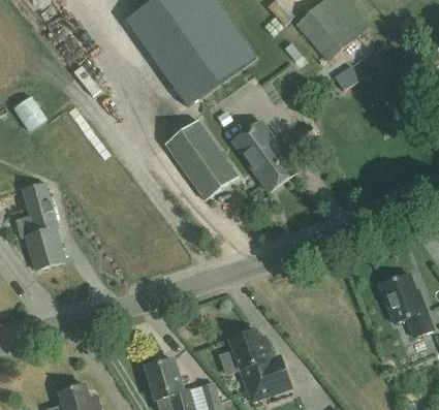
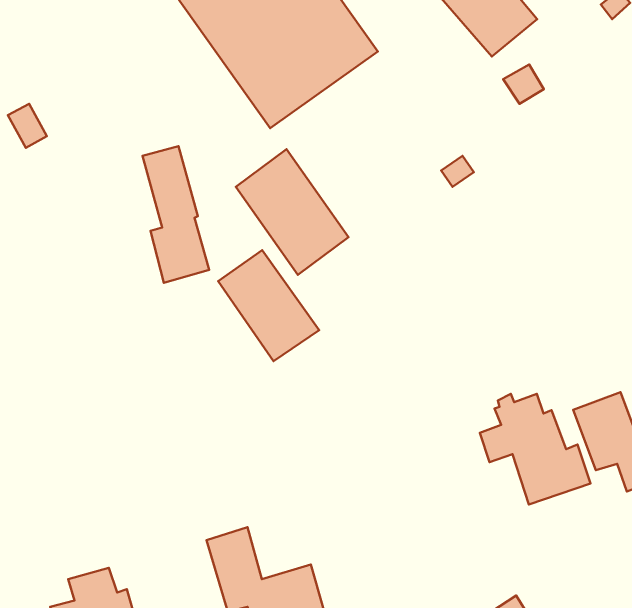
building: [233,120,297,190] -> [218,250,319,361]
building: [23,182,65,269] -> [143,146,209,283]
building: [221,329,291,400] -> [480,394,591,505]

